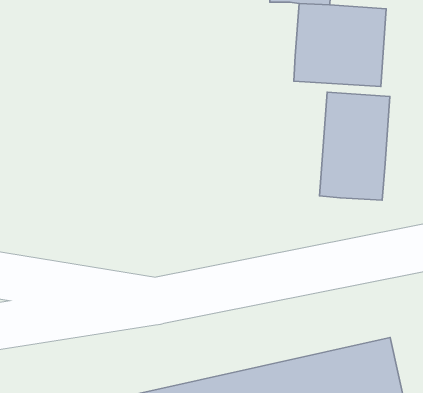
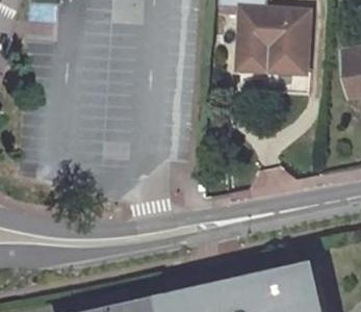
building: [320,92,390,200] -> none

